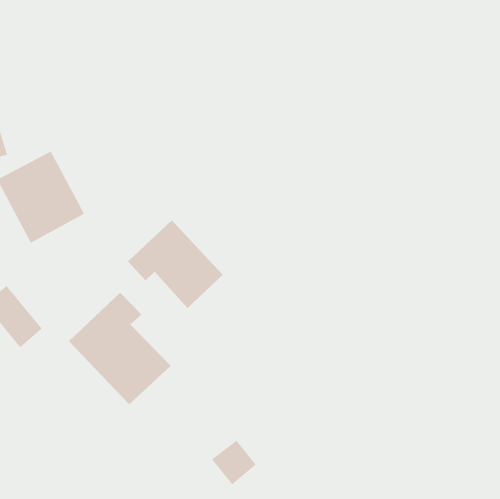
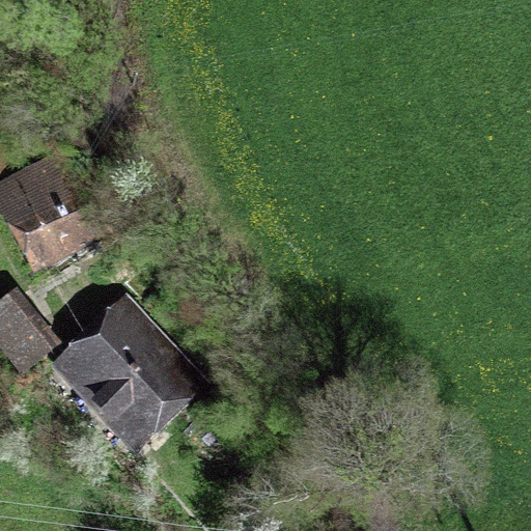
building: [127,219,223,309] -> none

